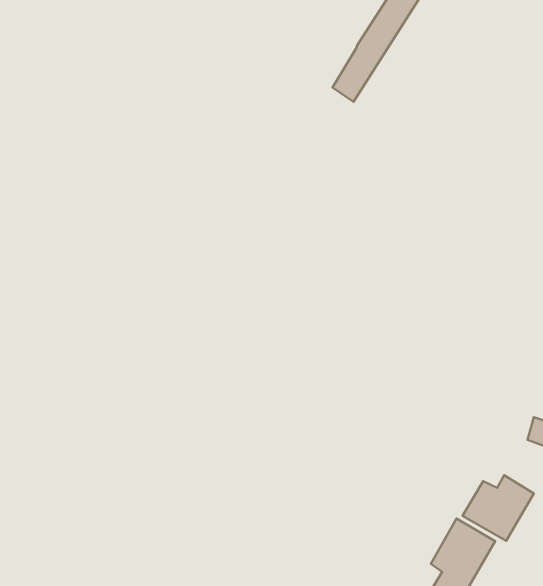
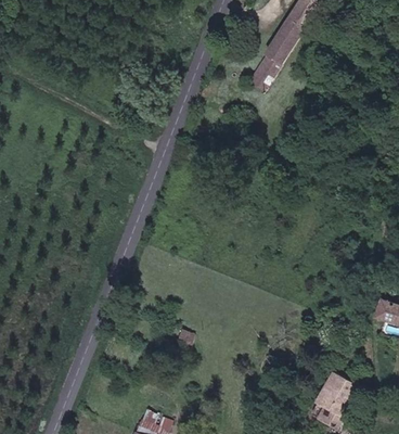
building: [463,475,534,541] -> none

